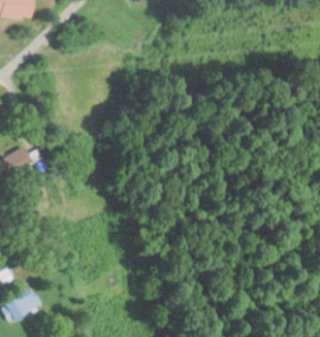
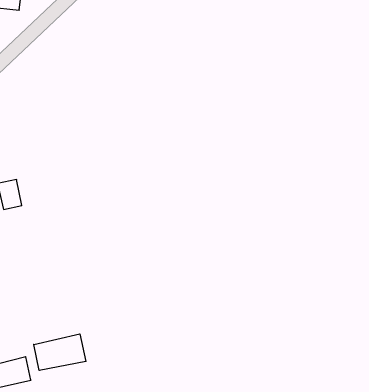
building: none -> [34,334,86,370]

